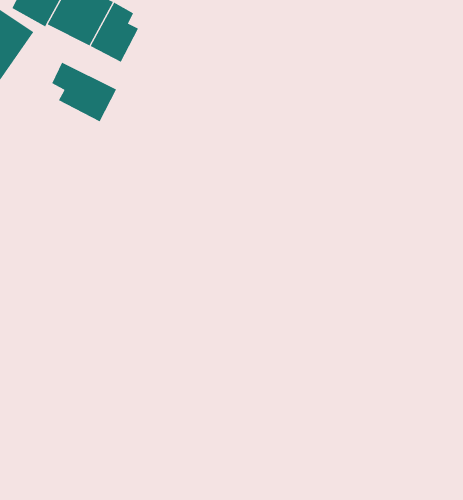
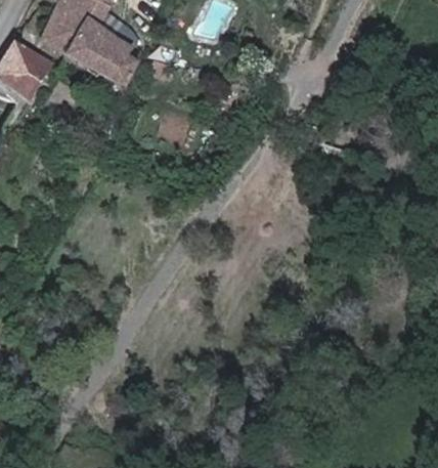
building: [52,62,117,122] -> none

